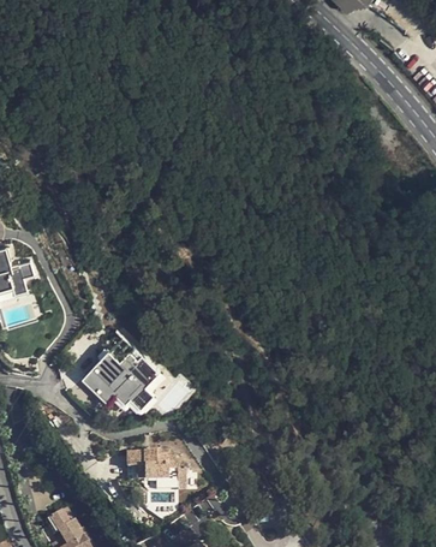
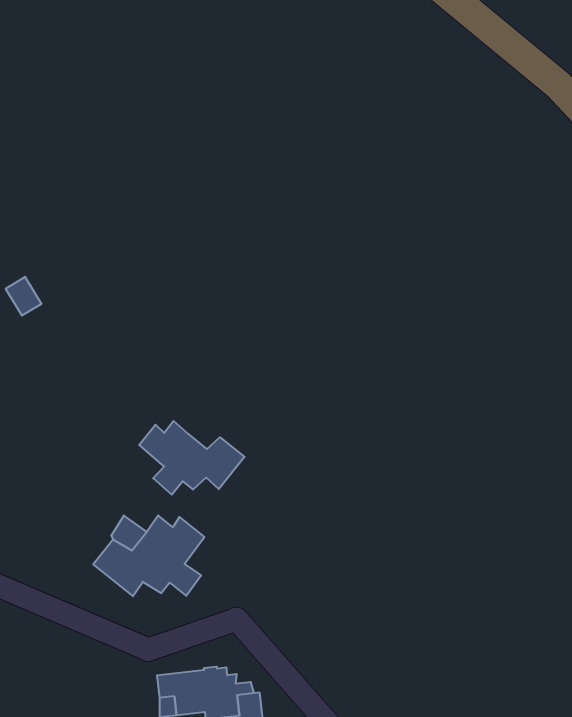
building: none -> [139,421,245,495]

